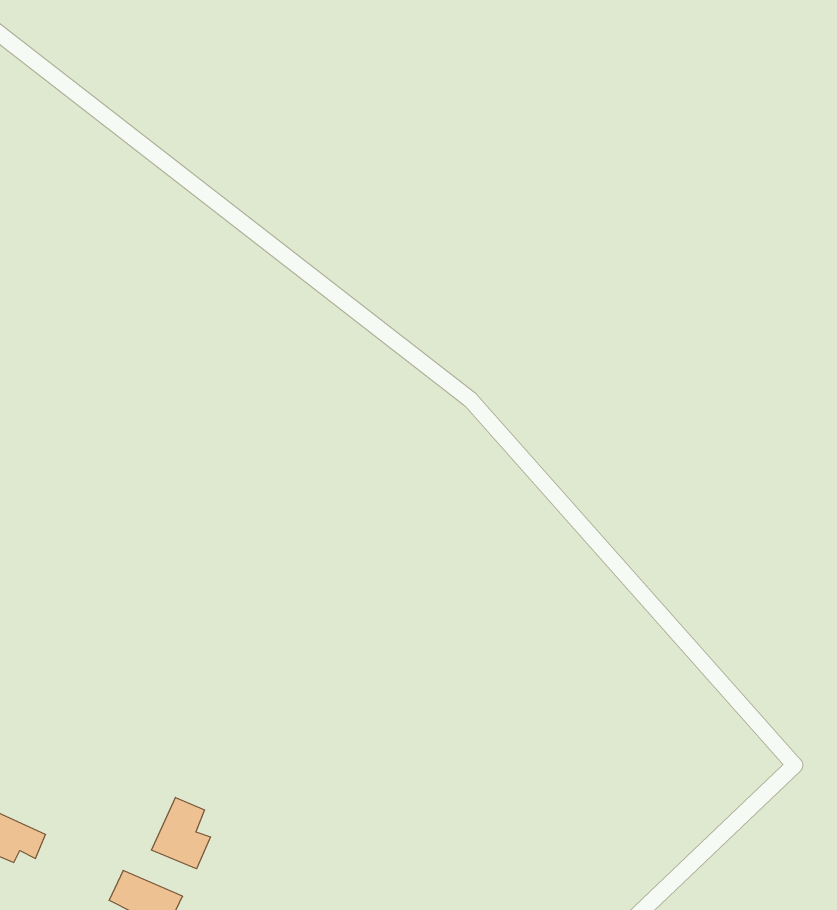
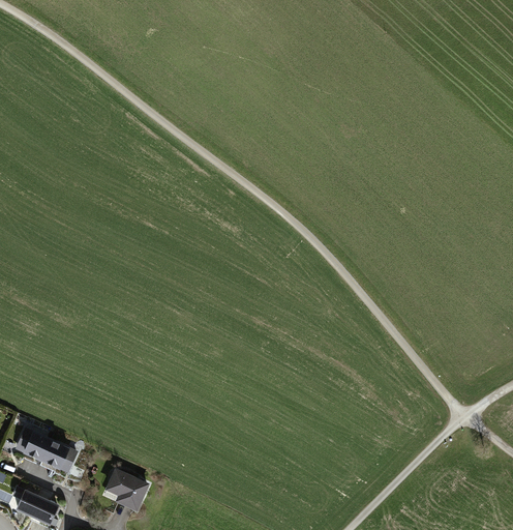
building: [151,797,211,869] -> none

